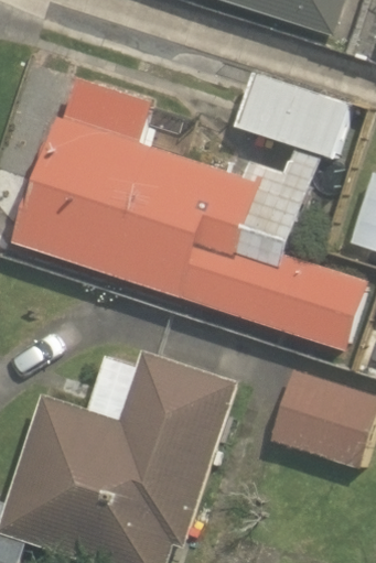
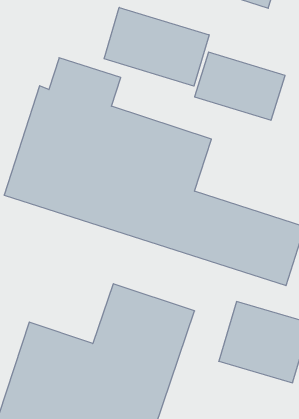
building: none -> [104,7,209,86]

